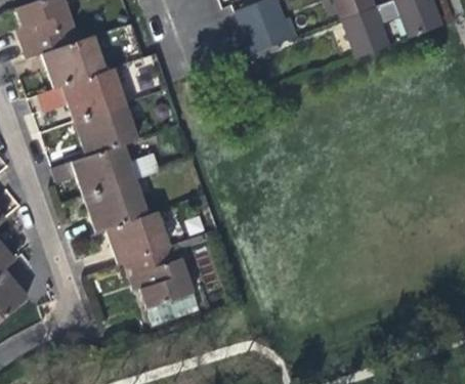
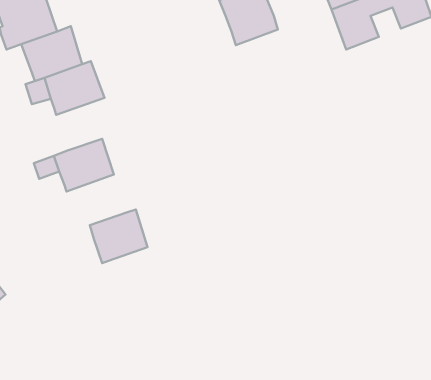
building: [76,104,135,156] -> none
building: [86,179,144,232] -> none
building: [127,245,196,309] -> none

